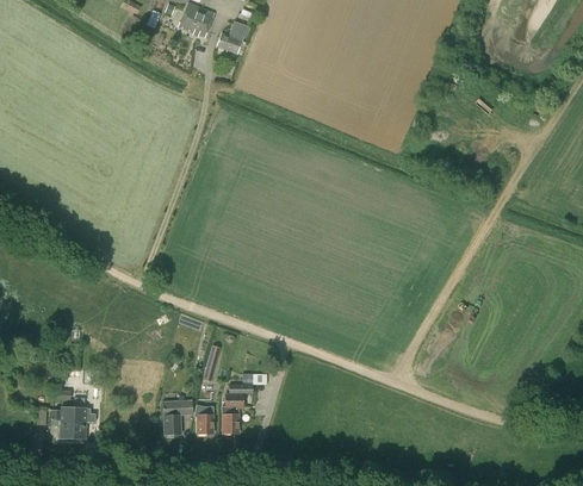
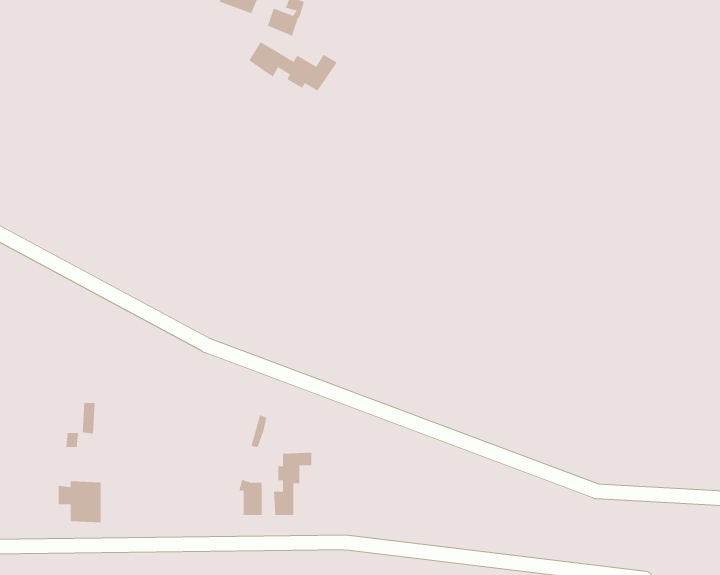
building: none -> [249,41,338,92]
building: [163,399,193,434] -> none

